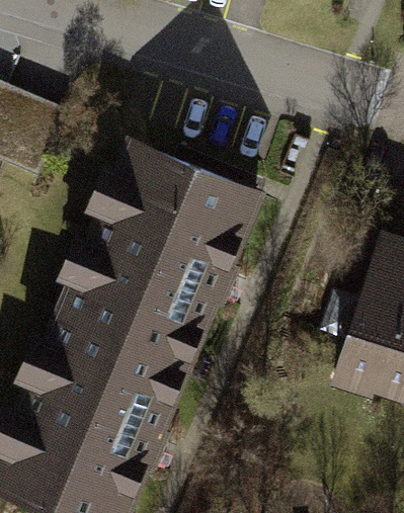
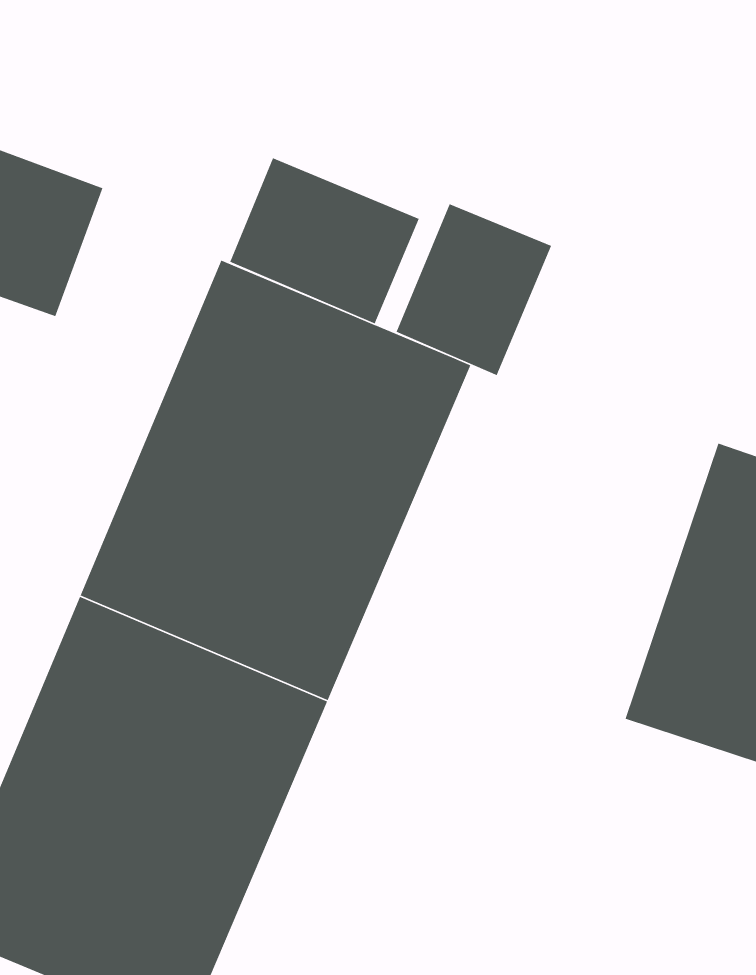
building: none -> [229,157,420,324]
building: none -> [396,203,552,376]

